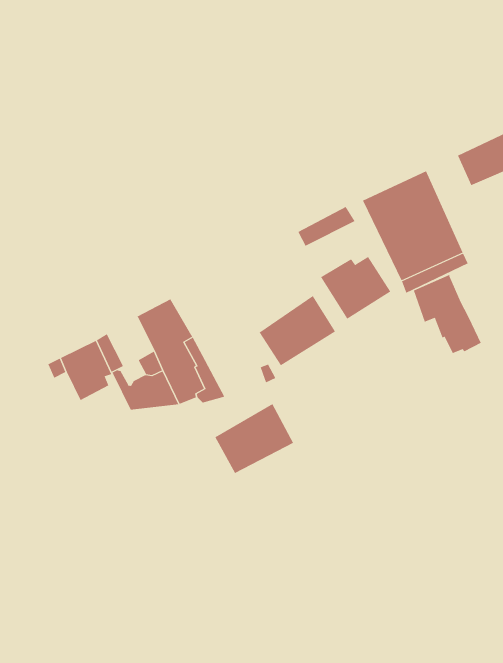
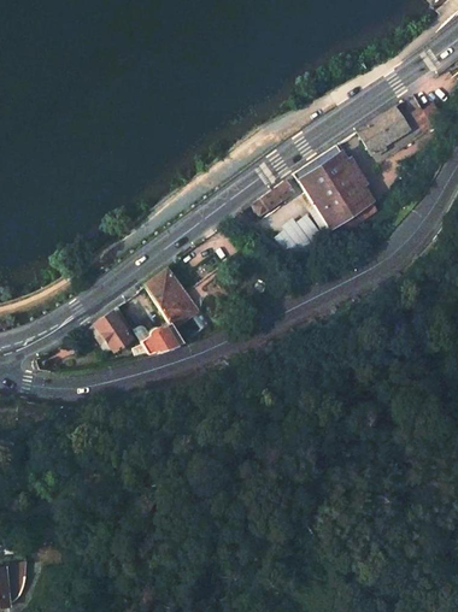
building: [413,274,482,354] -> none
building: [259,295,336,366] -> none
building: [214,403,294,474] -> none

